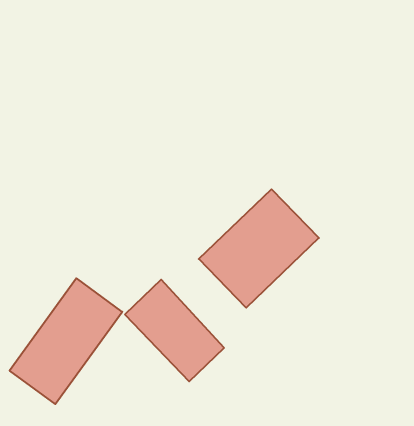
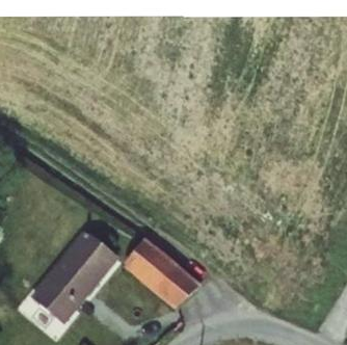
building: [199,189,319,308] -> none

